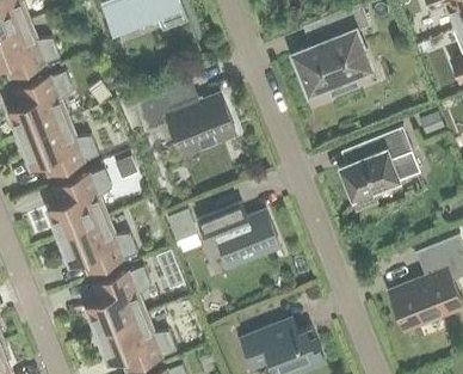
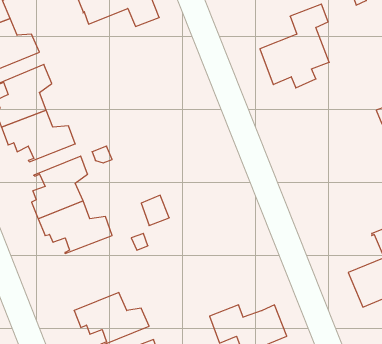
building: [140,82,235,154] -> none
building: [340,128,412,211] -> none
building: [198,204,283,269] -> none
building: [89,268,150,335] -> none

